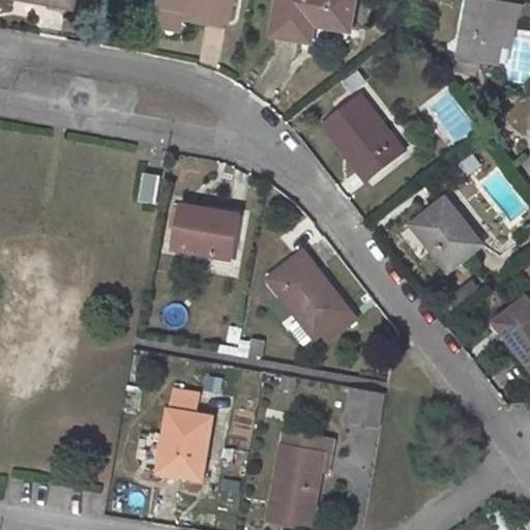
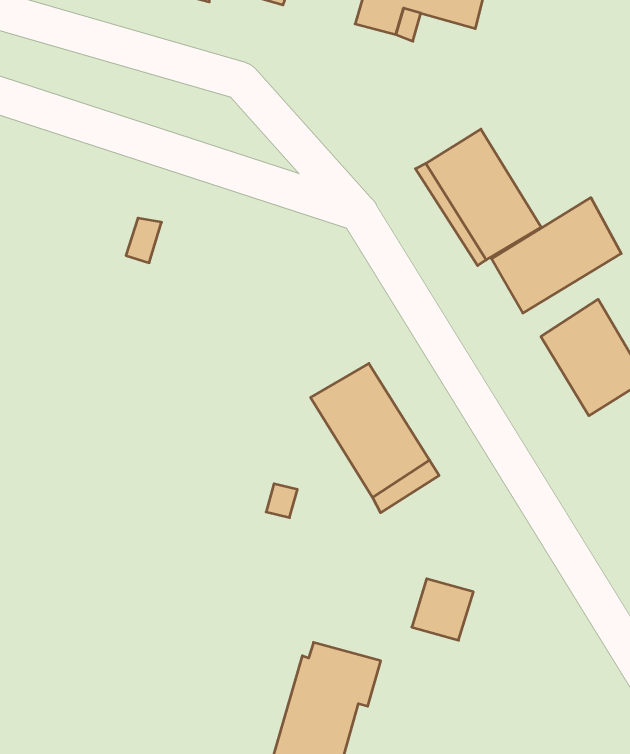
building: none -> [491,198,621,313]
building: [171,203,241,258] -> none
building: [157,389,212,478] -> none

